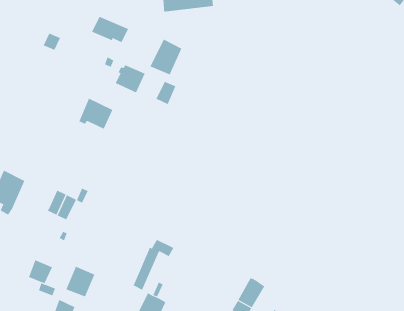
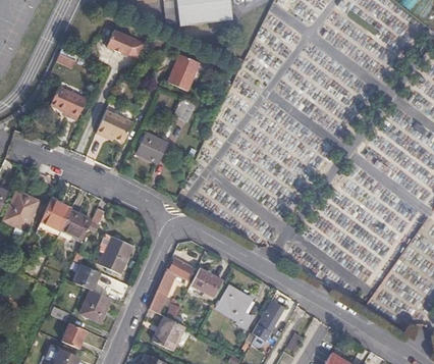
building: [115,65,145,93] -> [134,133,166,162]
building: none -> [48,91,84,124]
building: none -> [42,196,72,227]
building: none -> [99,236,130,272]
building: none -> [193,268,222,296]
building: [28,259,53,284] -> [74,263,100,289]
building: none -> [217,287,253,329]

